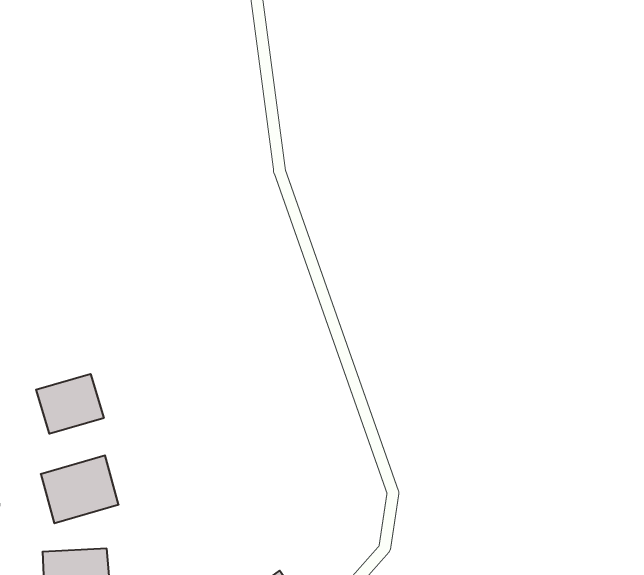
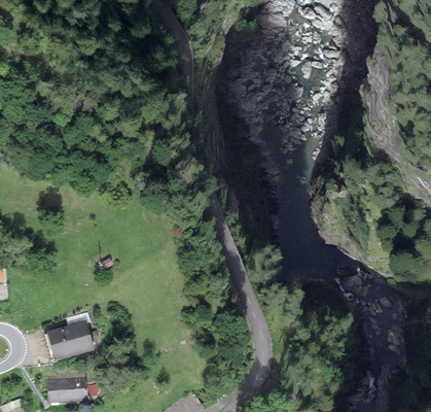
building: [36,374,104,434] -> none

